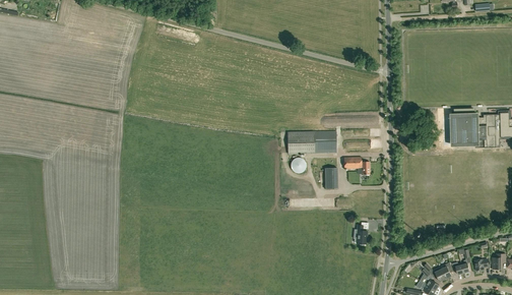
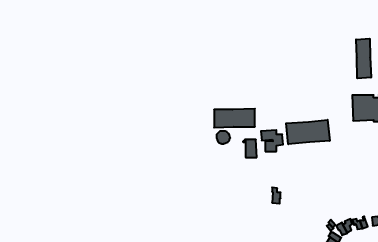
building: none -> [356,39,371,78]
building: none -> [286,120,330,144]

